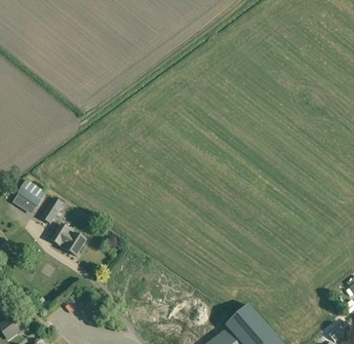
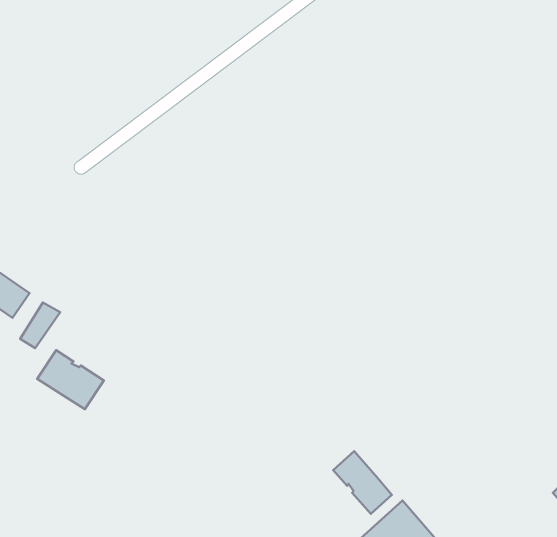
building: none -> [333,451,392,514]

